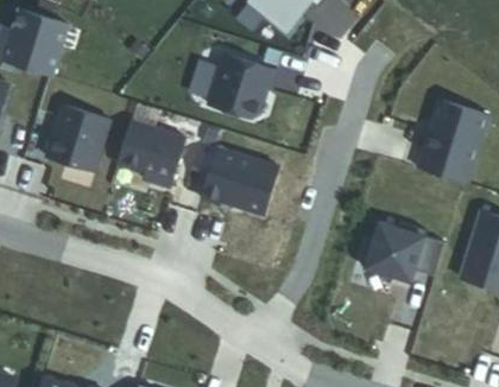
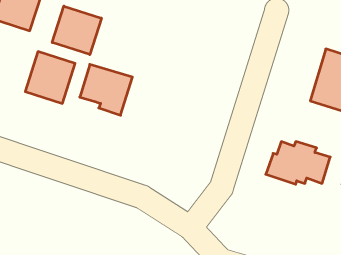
building: none -> [52,6,101,55]
building: [207,53,276,118] -> none
building: [200,147,277,215] -> none

